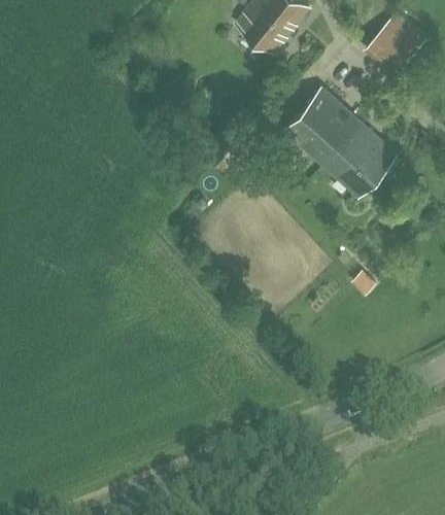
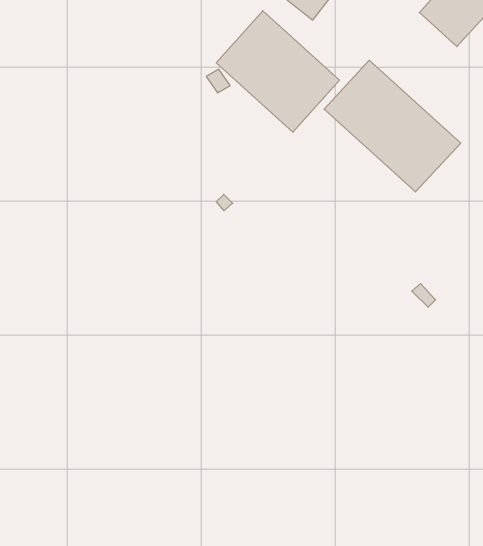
building: none -> [216,11,339,132]

